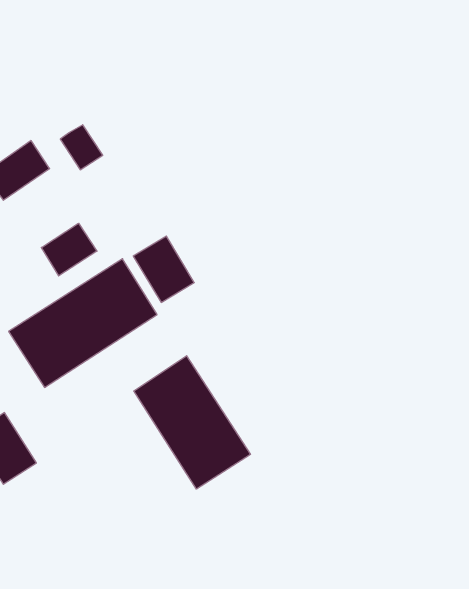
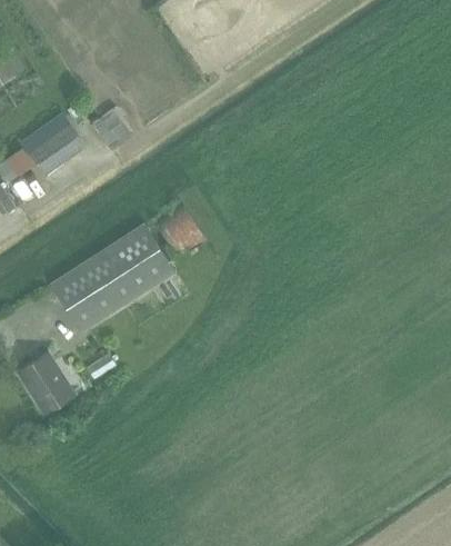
building: [41,223,97,276] -> none
building: [134,356,250,489] -> none

